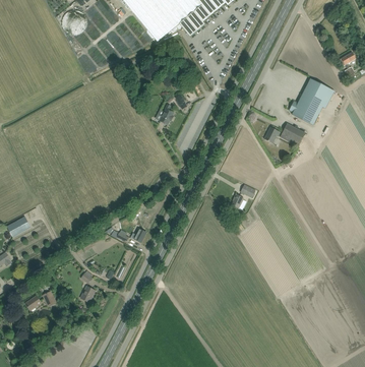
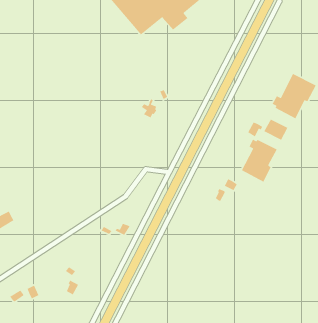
building: none -> [241,138,278,183]

